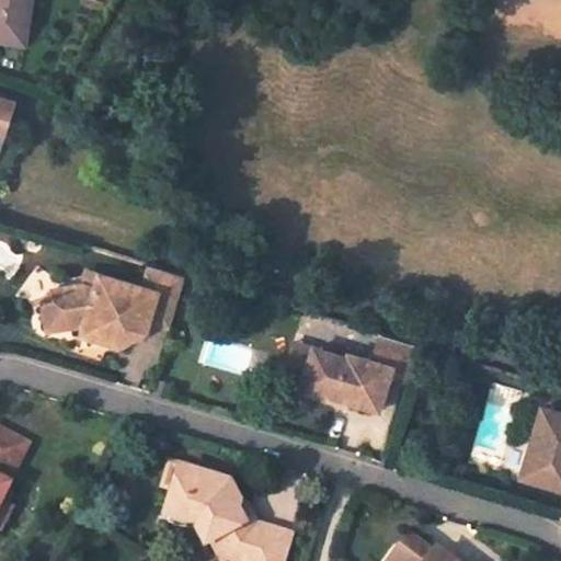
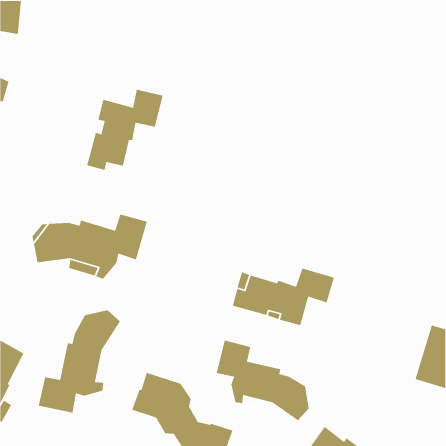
building: none -> [86,89,164,171]
building: none -> [38,310,121,413]
building: none -> [216,339,309,421]

